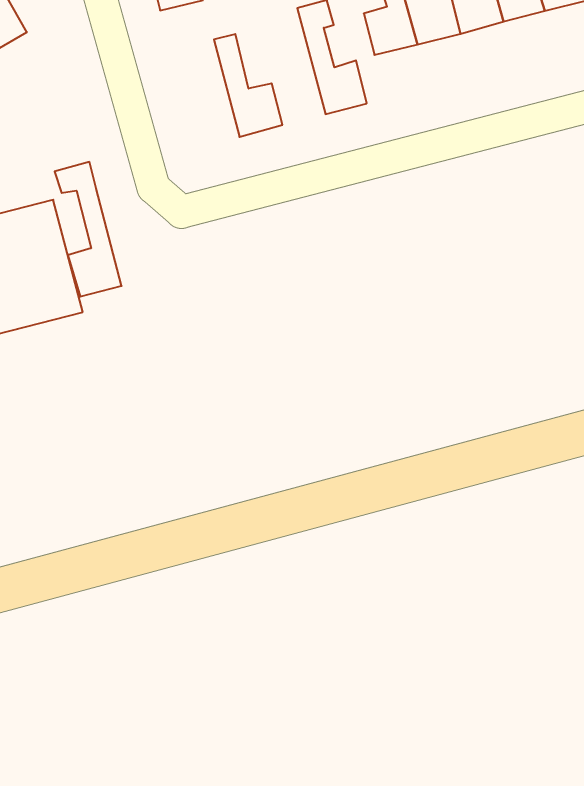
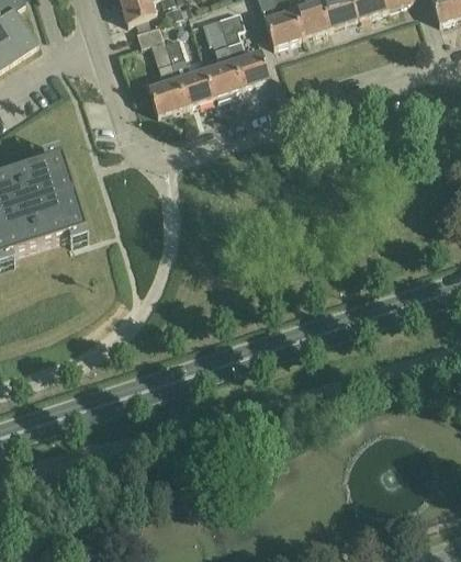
building: none -> [201,16,241,95]
building: [55,162,122,297] -> [135,23,184,114]

